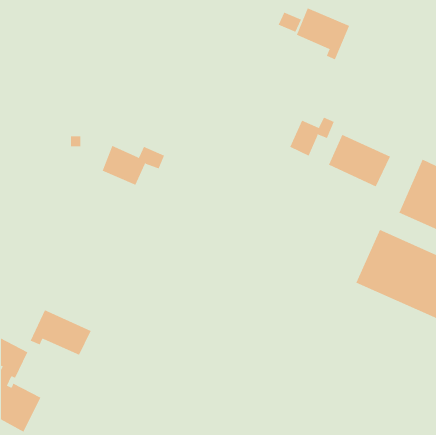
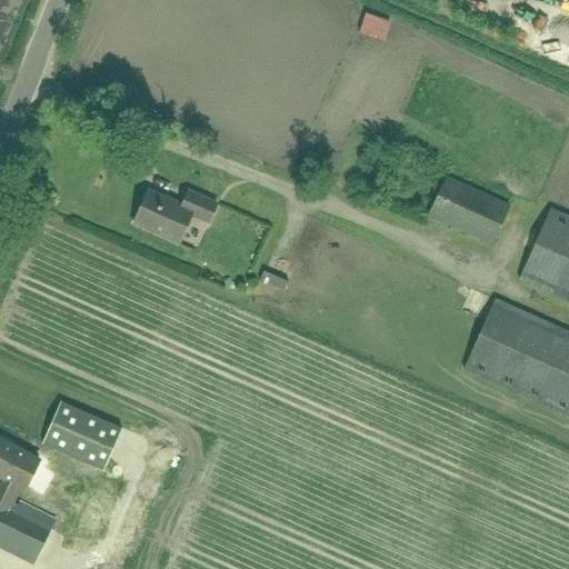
building: [296,8,350,60] -> none
building: [289,117,335,157] -> none

